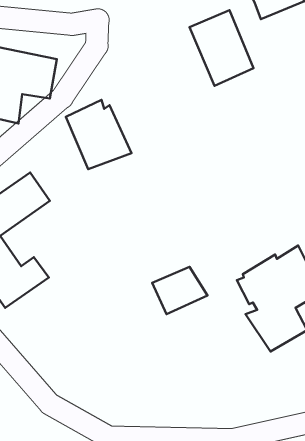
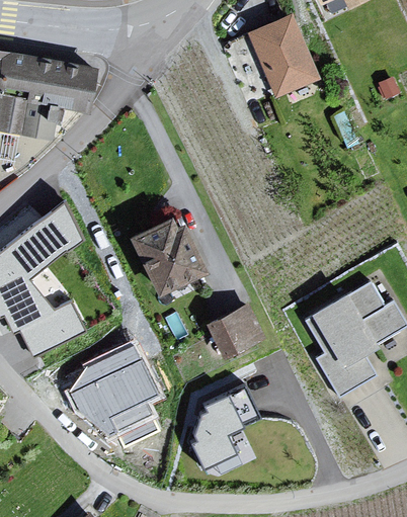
building: [66,100,132,169] -> [128,217,202,295]
building: none -> [69,338,162,436]
building: none -> [187,383,261,467]

